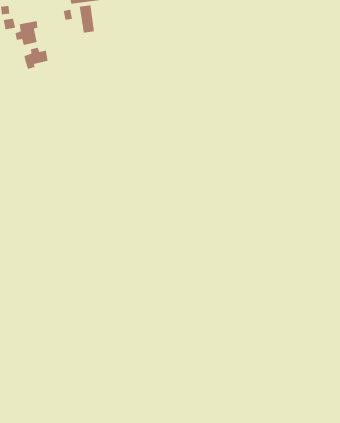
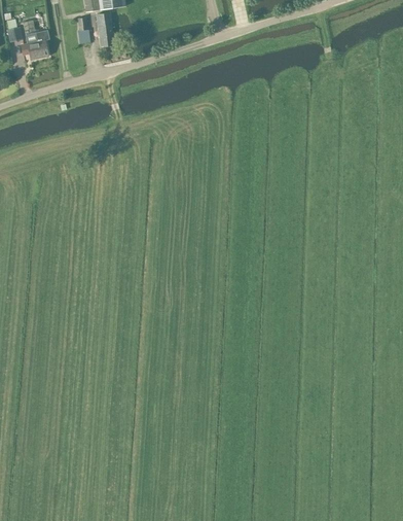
building: [24,47,49,70] -> none

